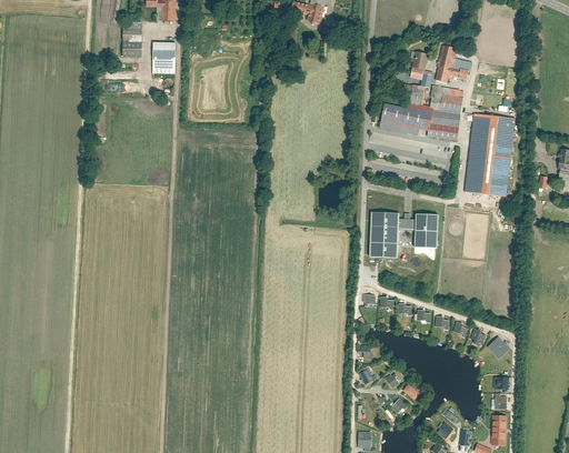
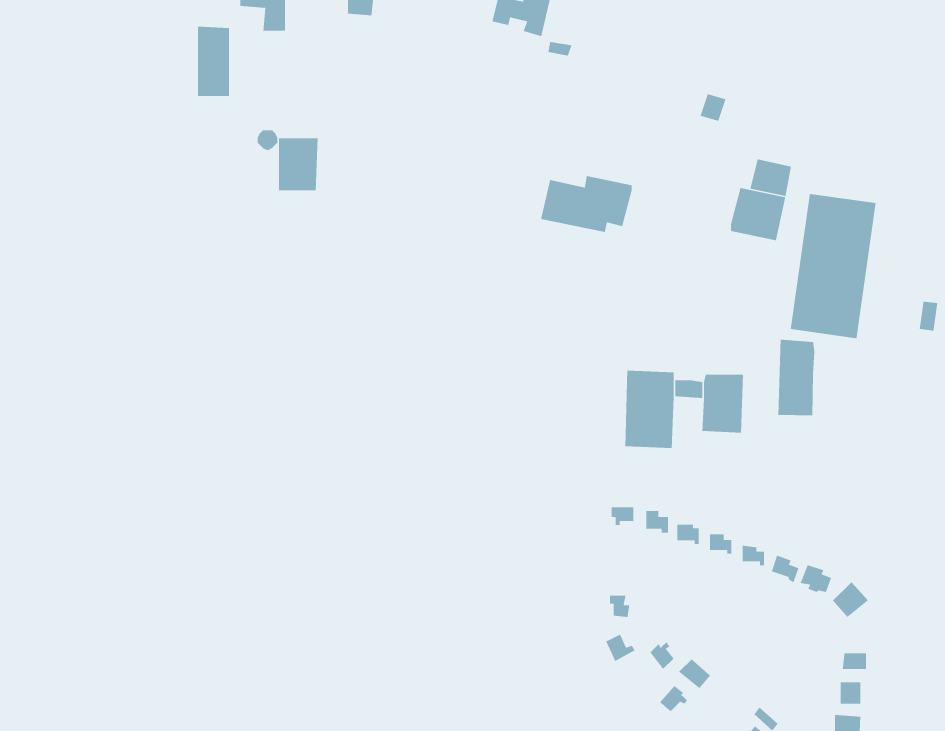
building: [152,42,176,73] -> [278,137,318,191]
building: [435,47,471,82] -> none
building: [382,100,436,133] -> [540,175,632,233]
building: none -> [777,339,815,416]

